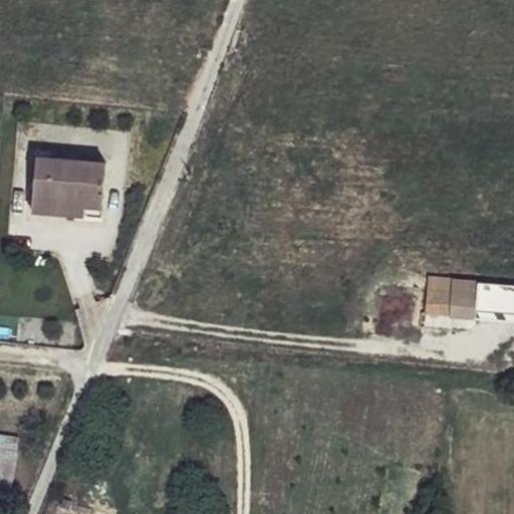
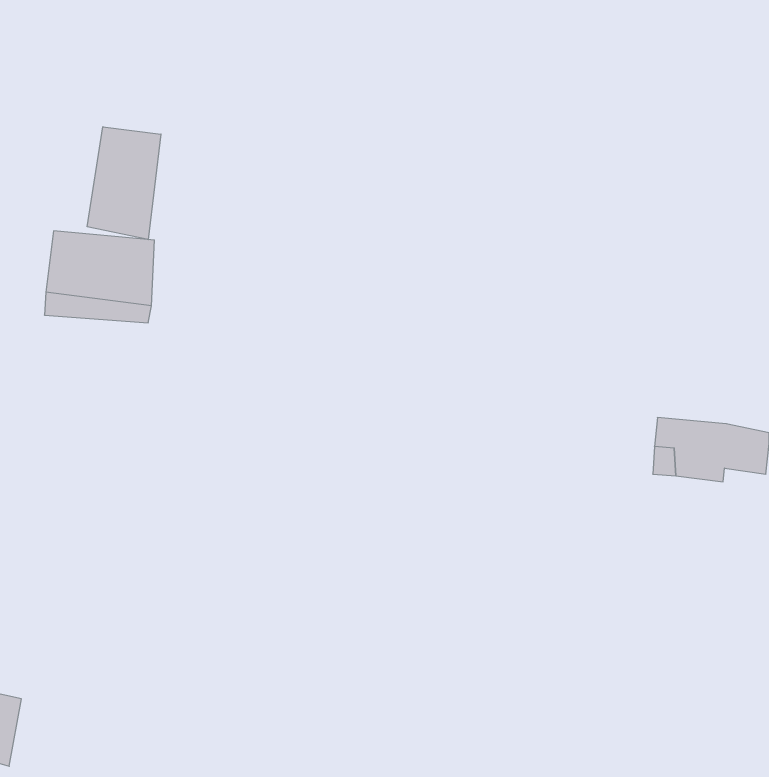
building: none -> [87,127,161,240]

